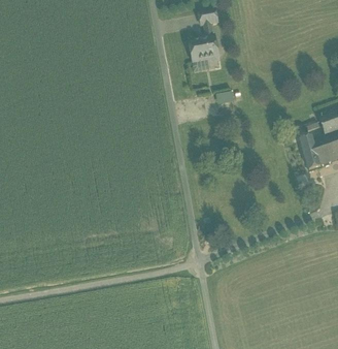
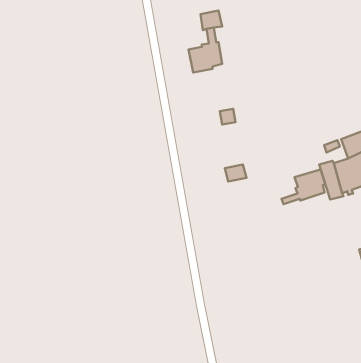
building: none -> [281,169,325,204]

